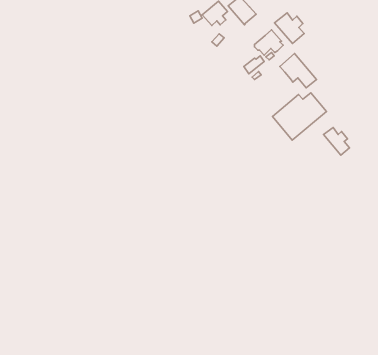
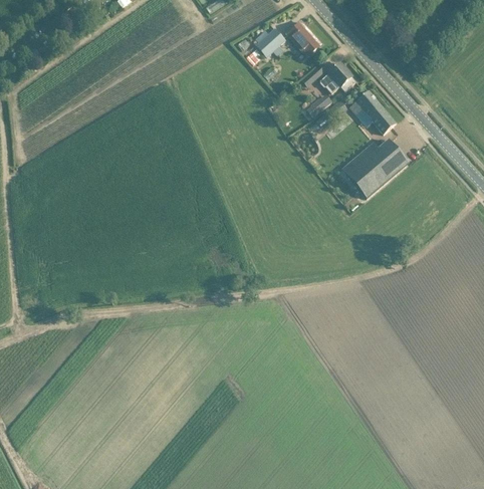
building: [275,13,304,44] -> none
building: [324,127,349,155] -> none

